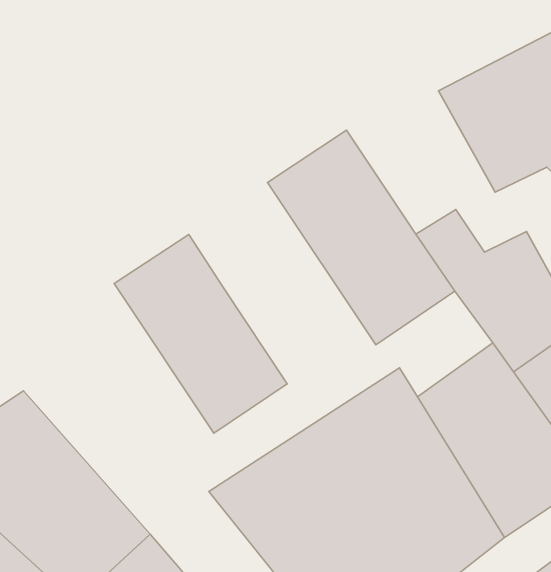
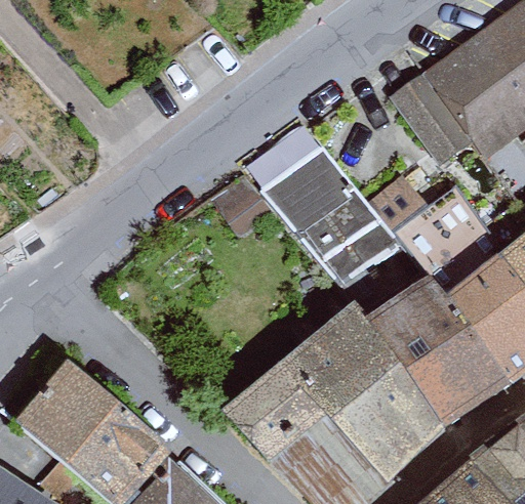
building: [114,235,287,433] -> none

